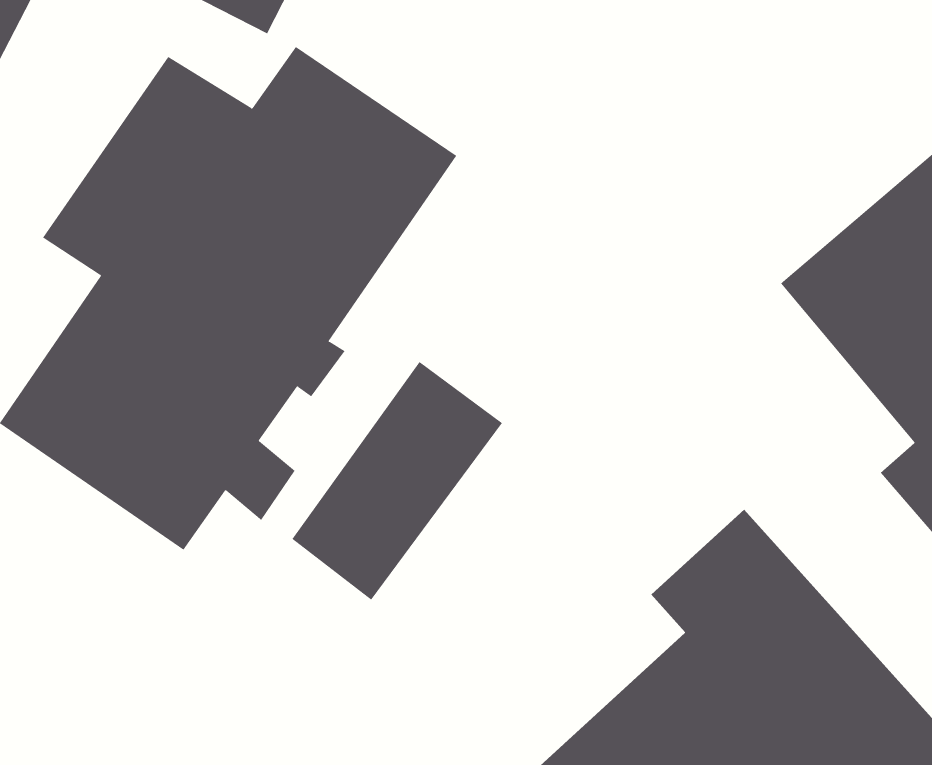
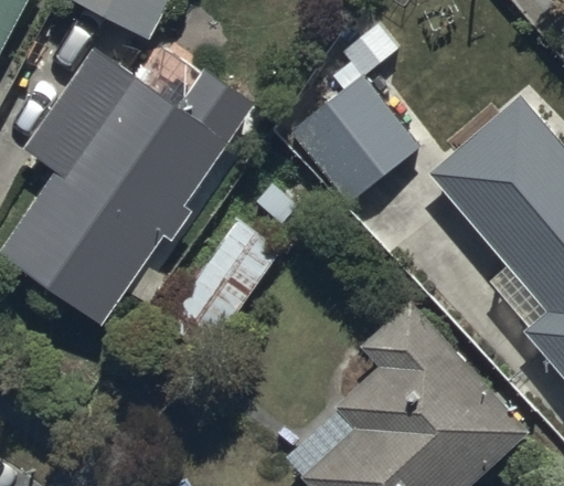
building: none -> [288,22,419,204]

